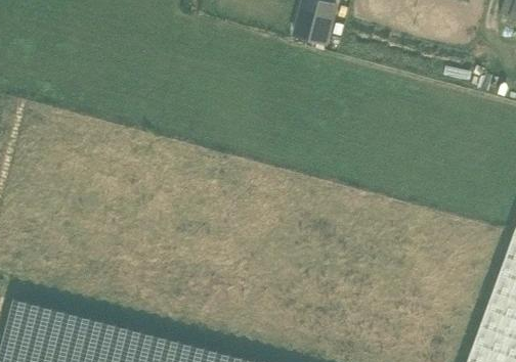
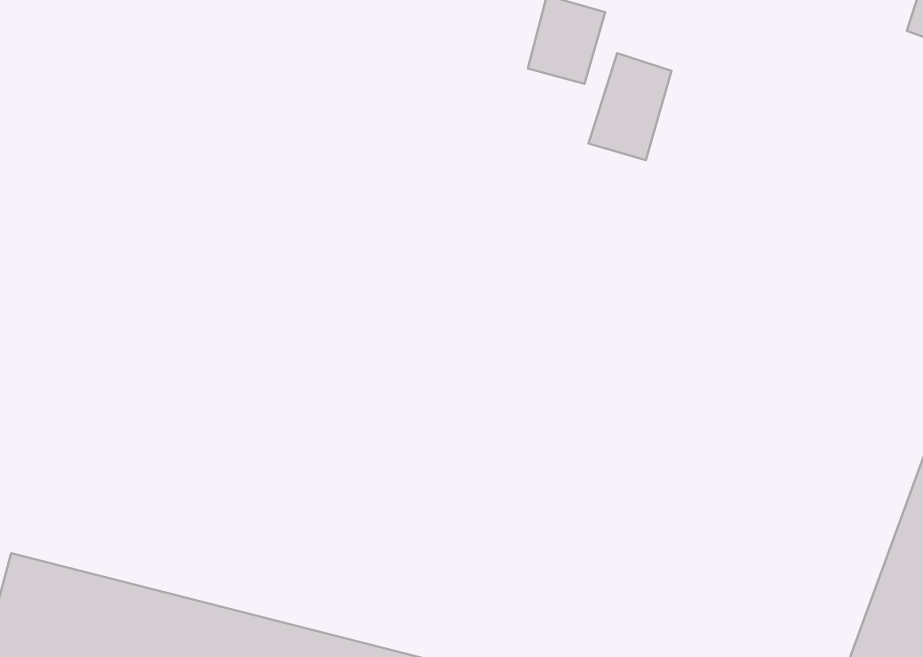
building: none -> [589,53,672,160]

